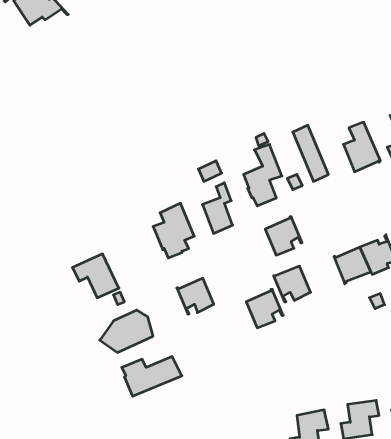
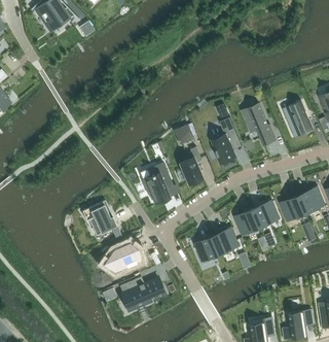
building: [265,217,302,255] -> [252,200,280,229]
building: [177,278,214,314] -> [192,236,220,263]

